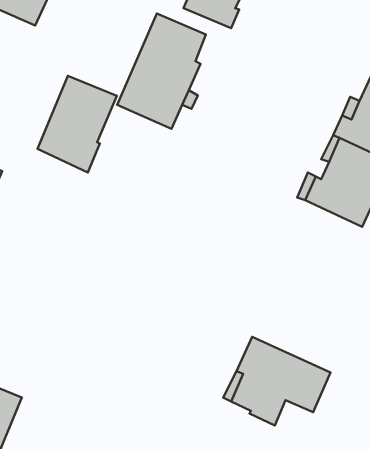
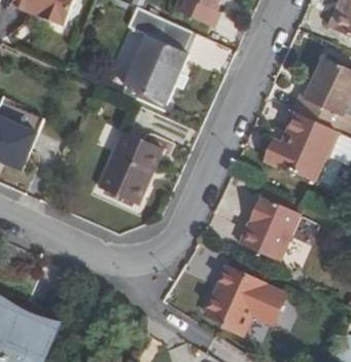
building: [37,76,117,173] -> [98,133,160,208]
building: none -> [240,193,303,261]

